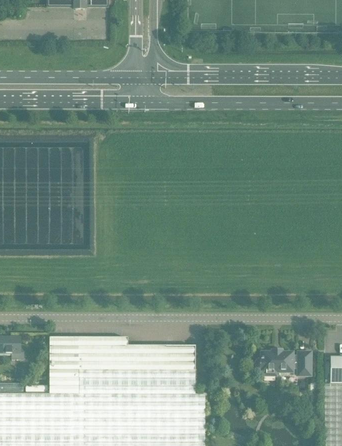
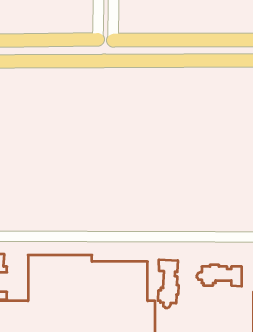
building: none -> [158,260,178,308]

